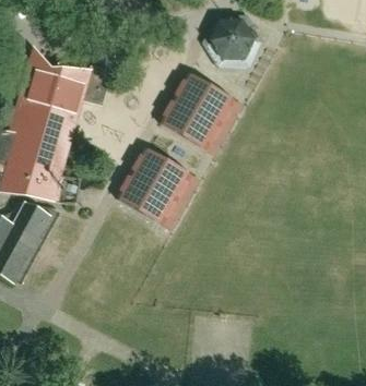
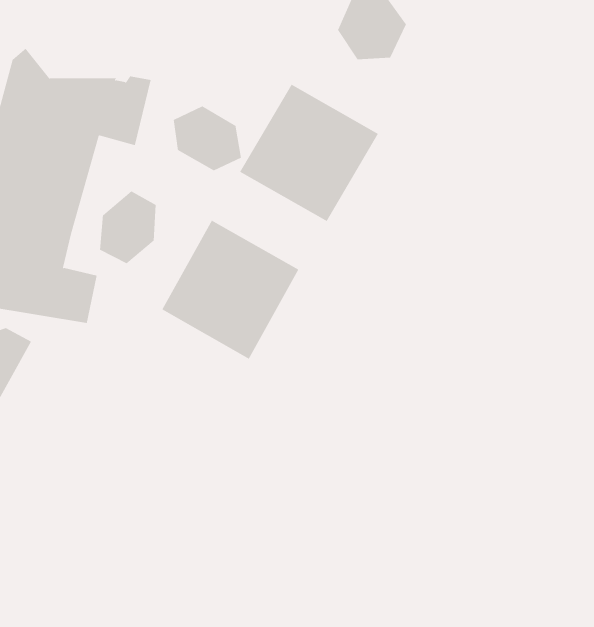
building: none -> [173,106,242,171]
building: none -> [99,191,156,264]

